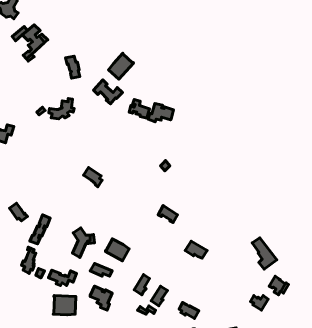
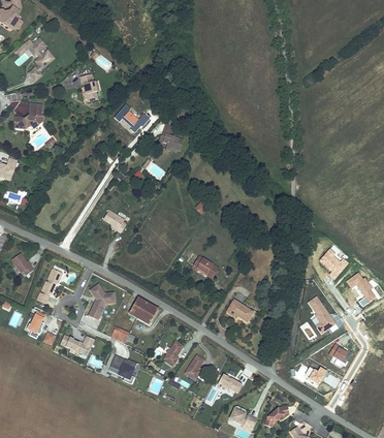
building: [109,53,133,79] -> none
building: [49,98,74,119] -> [13,104,44,129]
building: [148,104,174,122] -> none
building: none -> [319,247,349,278]
building: none -> [347,272,376,306]
building: [53,296,76,315] -> none

